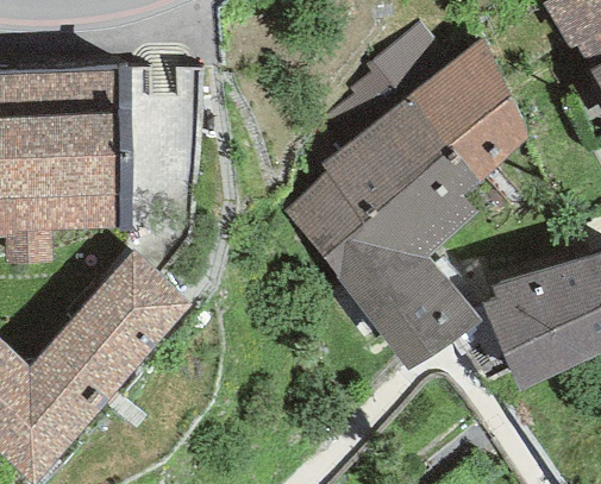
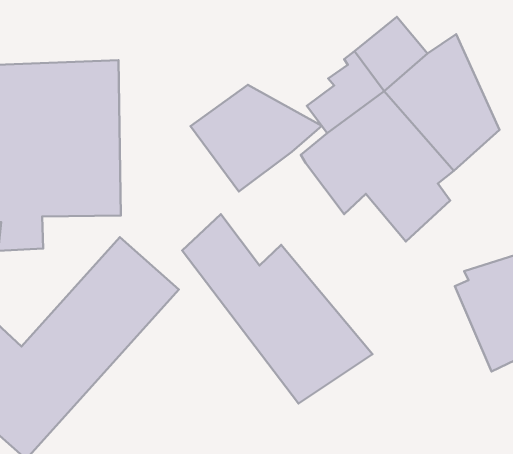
building: none -> [191,85,322,191]
building: [284,174,483,371] -> [182,214,372,403]

